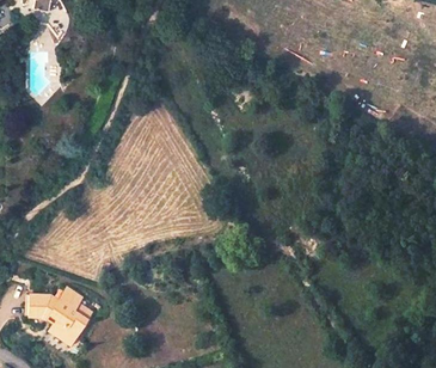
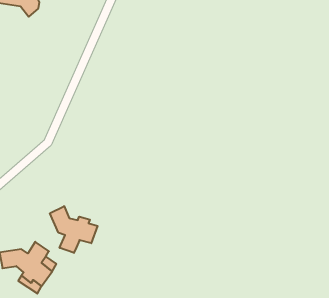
building: none -> [50,206,98,253]

